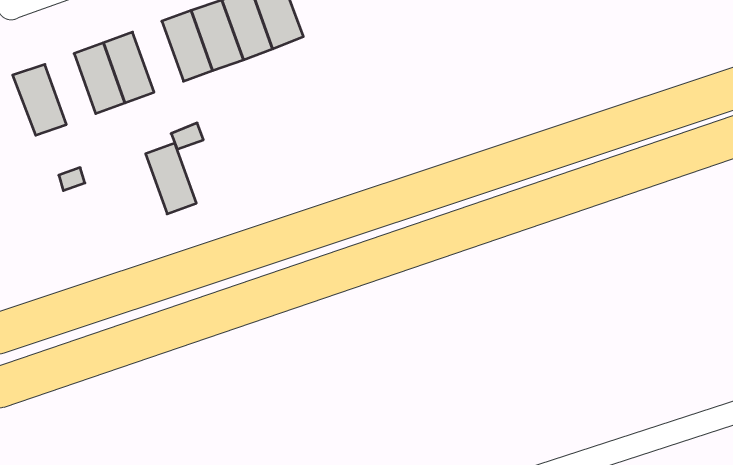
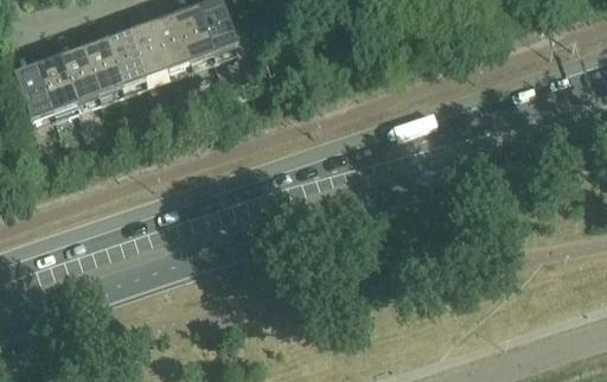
building: none -> [38,55,77,109]
building: [146,143,196,214] -> [106,30,145,84]

